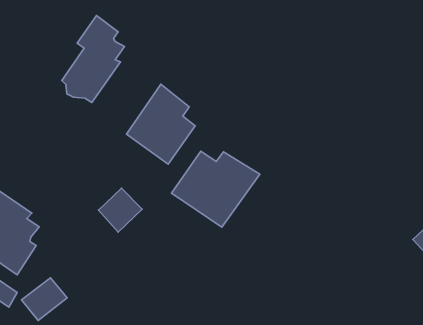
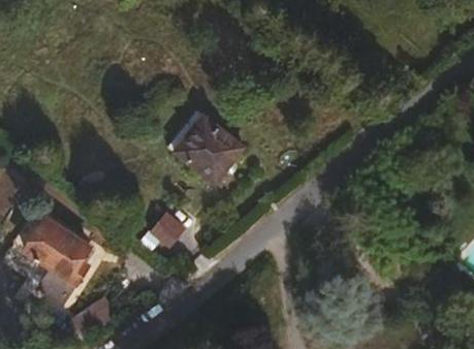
building: [62,15,124,103] -> none
building: [172,151,260,227] -> none

